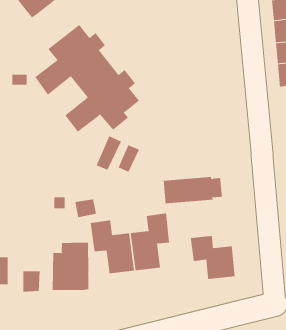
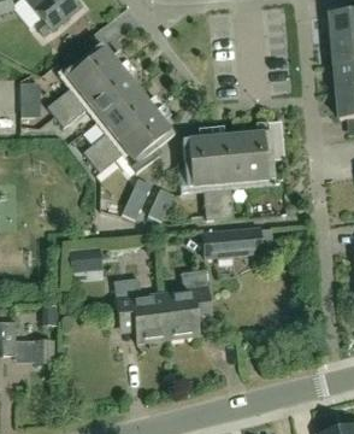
building: none -> [178,121,285,219]
building: [190,235,235,280] -> none
building: [52,242,89,291] -> none

